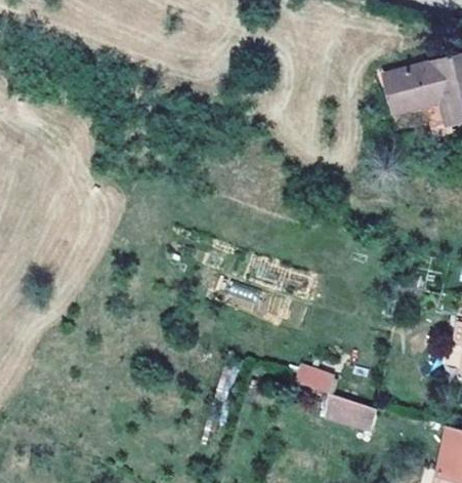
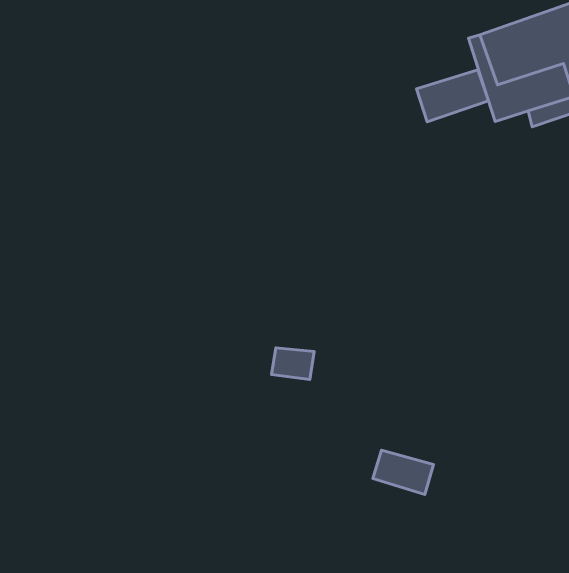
building: none -> [417,70,489,122]
building: [323,392,378,431] -> none

